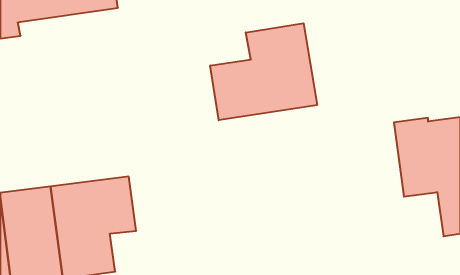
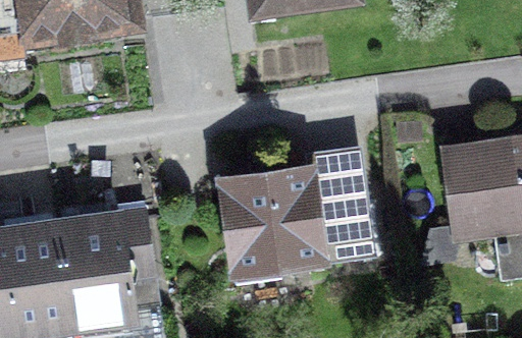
building: [210,23,317,120] -> none
building: none -> [220,159,373,284]

